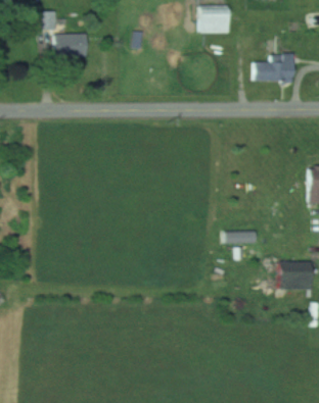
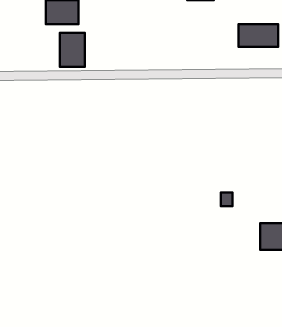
building: none -> [60,33,85,67]

